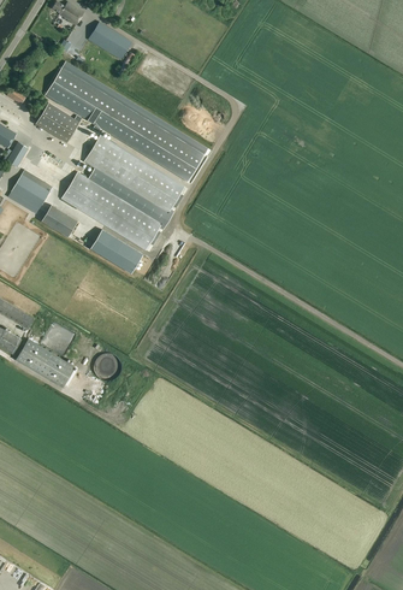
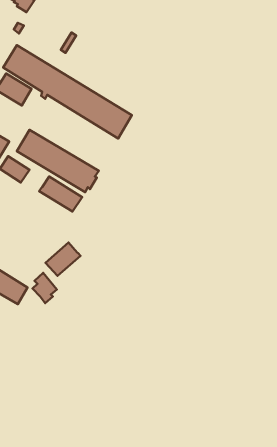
building: [83,18,132,60] -> none
building: [85,135,185,212] -> none
building: none -> [45,243,81,276]

